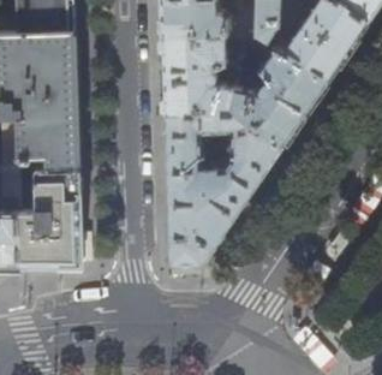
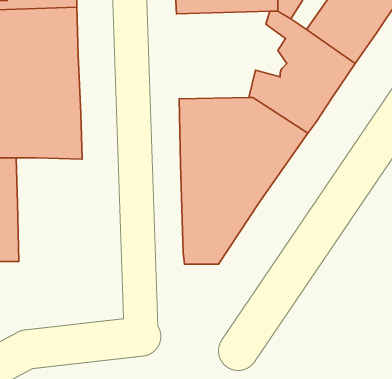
building: [165,32,250,113] -> none
building: [19,167,80,263] -> none

